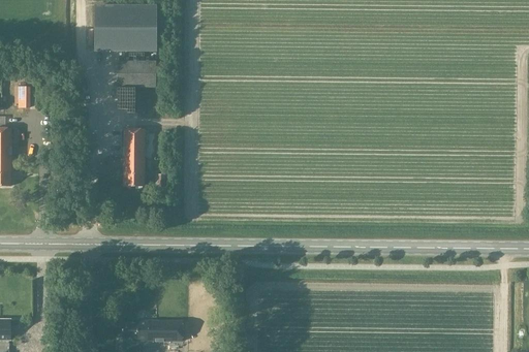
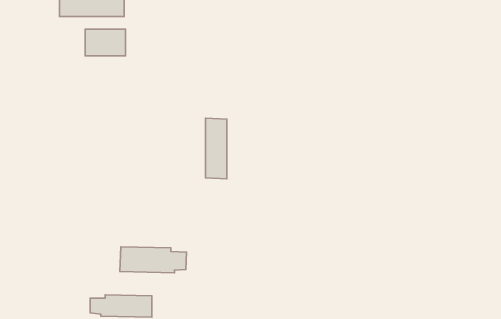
building: [123,128,144,187] -> [206,118,227,179]
building: none -> [120,247,187,273]

